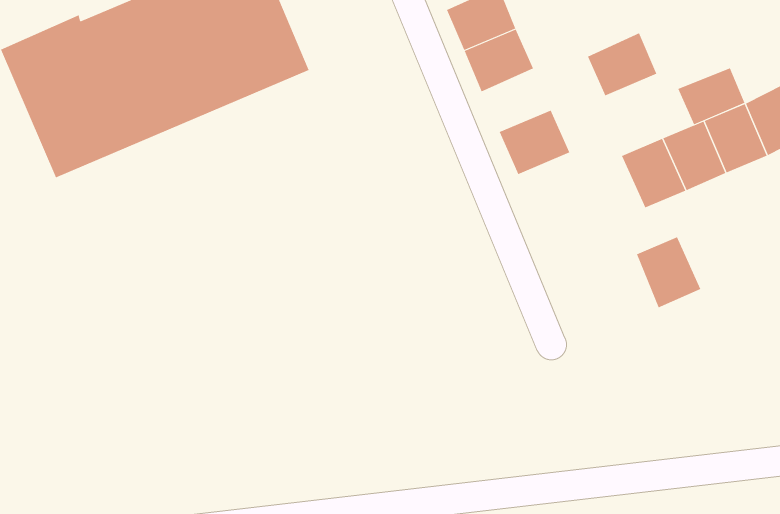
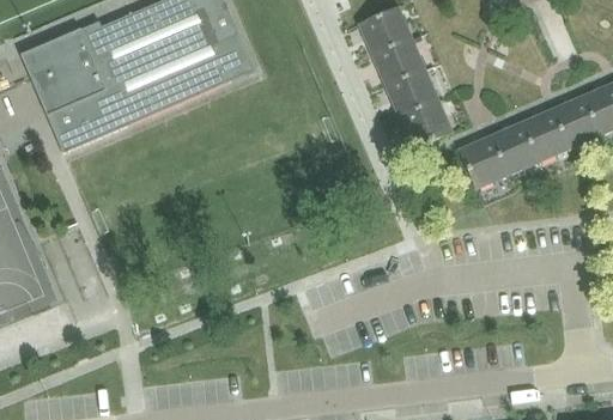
building: [587,33,657,96] -> [384,68,437,116]
building: [678,68,745,125] -> none
building: [636,237,701,308] -> [459,134,508,188]

